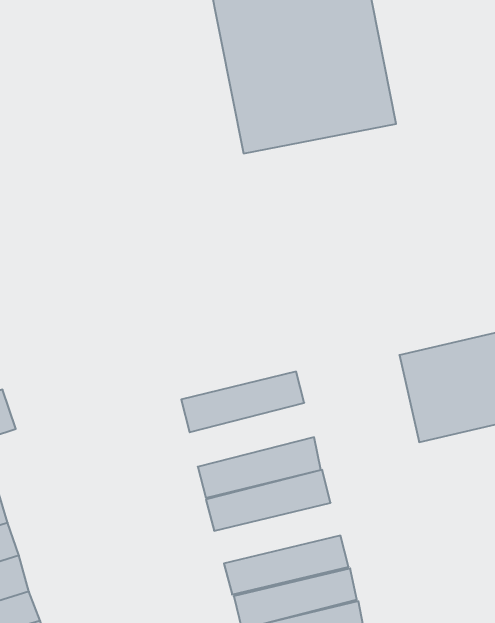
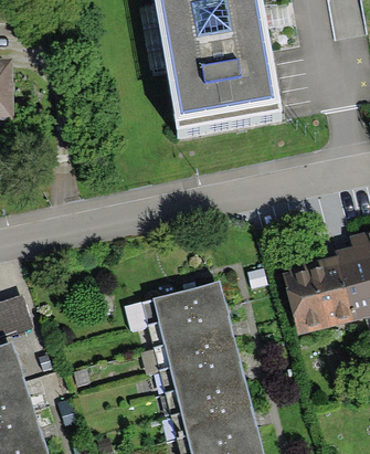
building: none -> [146,305,229,346]
building: none -> [163,371,246,412]

